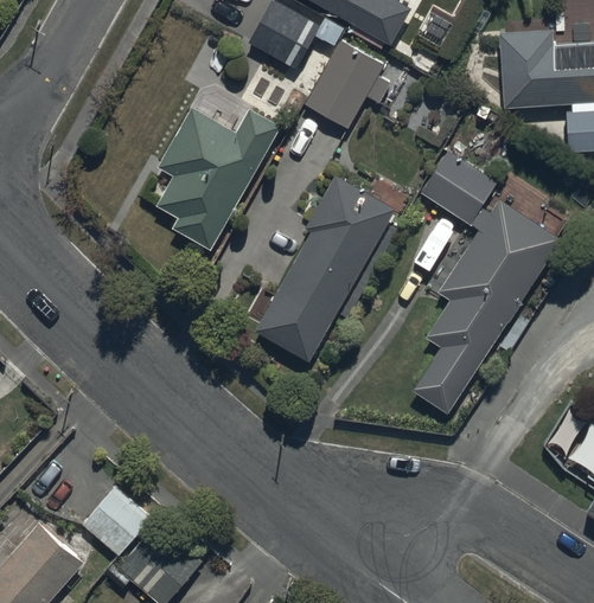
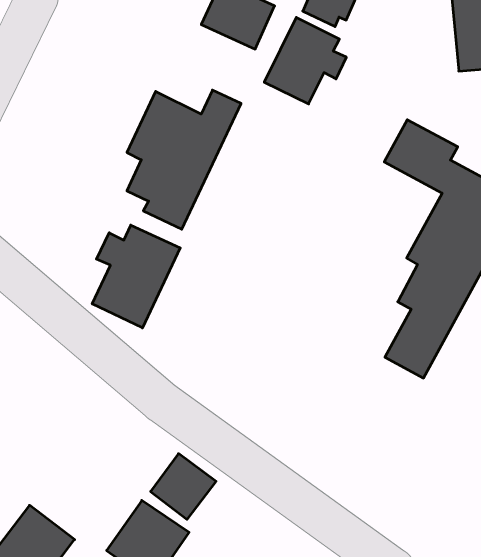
building: [254,167,397,357] -> none
building: none -> [92,225,180,328]
building: [82,487,149,554] -> [151,454,216,519]

